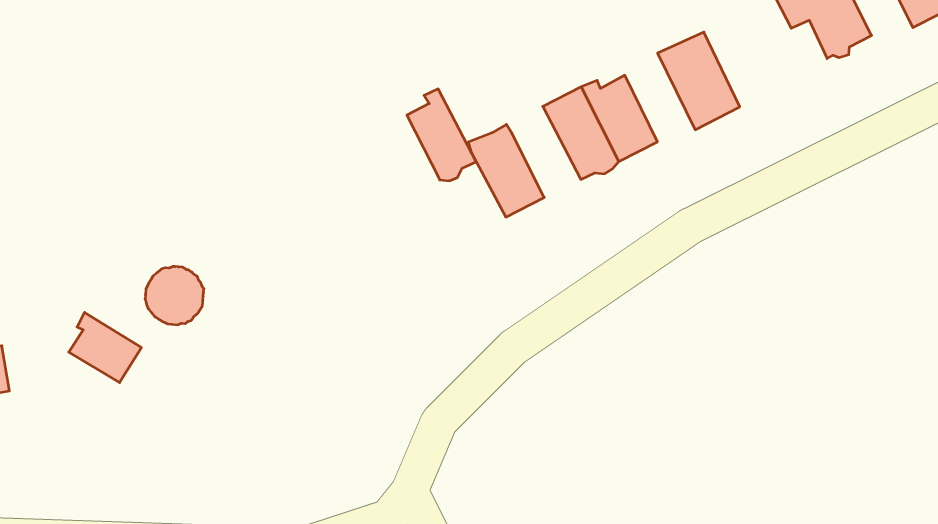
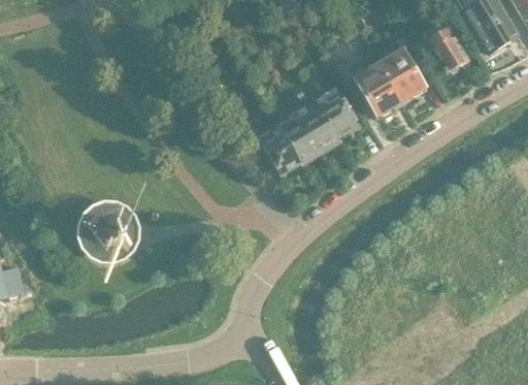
building: none -> [378,50,433,102]
building: [407,89,476,181] -> [280,111,320,160]
building: [69,312,141,383] -> none

